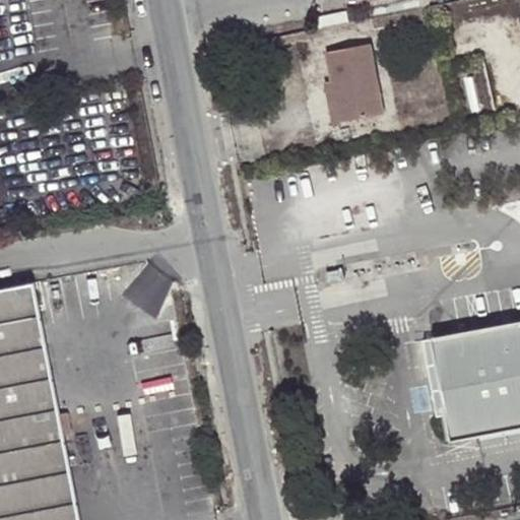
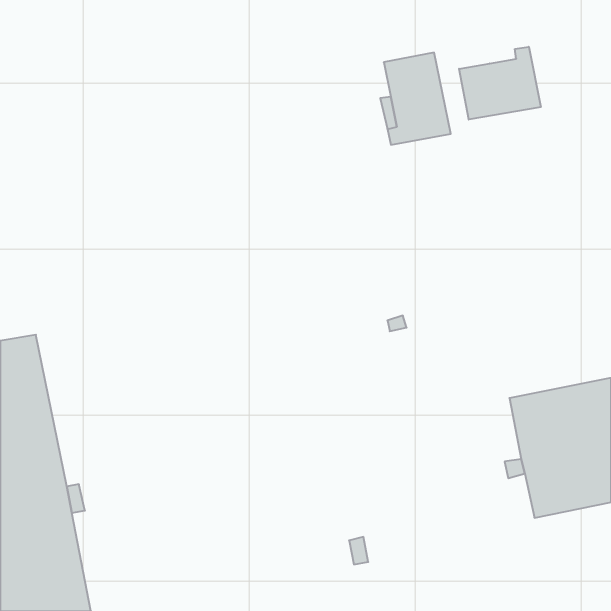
building: none -> [459,47,541,120]

